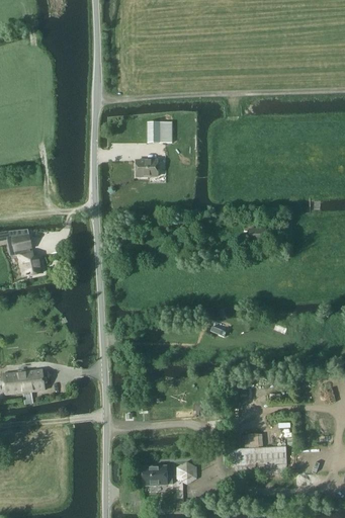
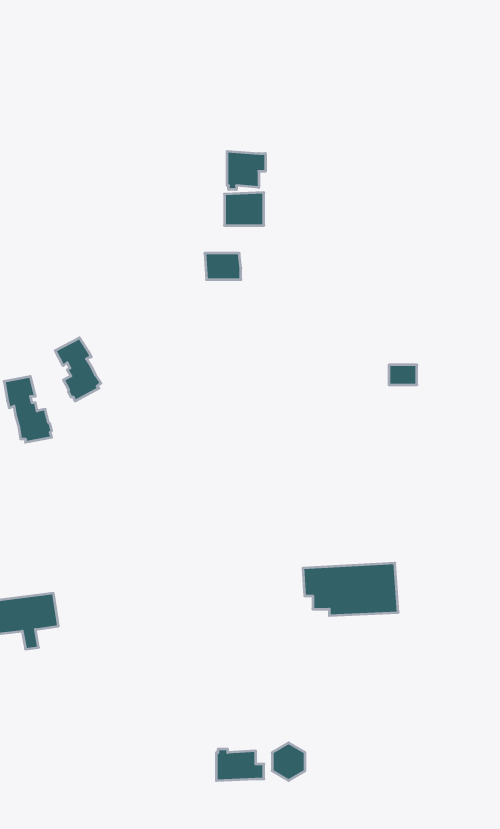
building: none -> [227,151,265,190]
building: none -> [55,338,101,401]
building: [229,444,287,477] -> [303,563,398,616]

